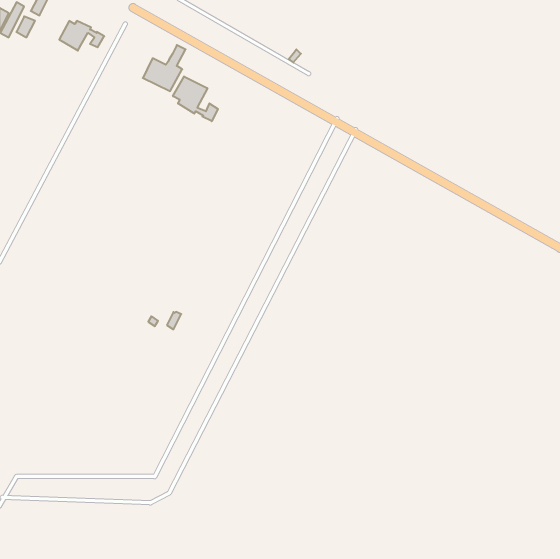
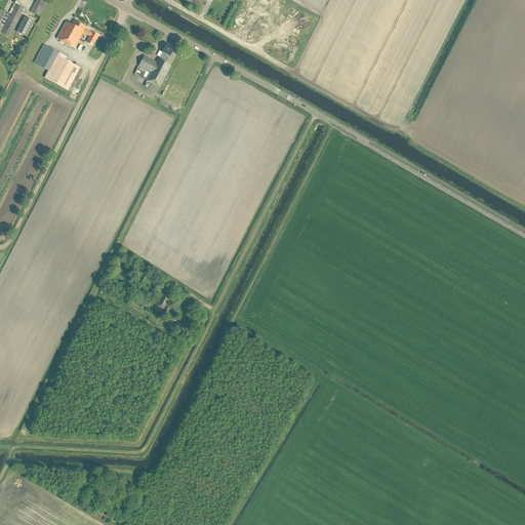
building: none -> [33,43,78,88]
building: [173,76,218,121] -> none

